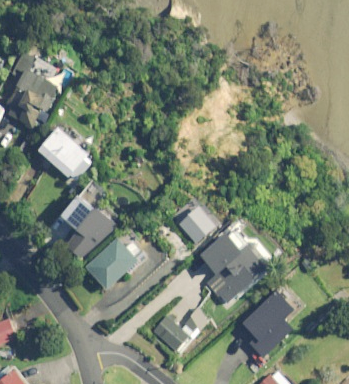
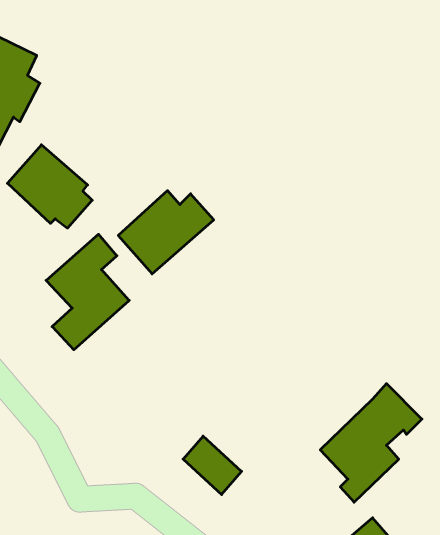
building: [183,211,211,240] -> none
building: [200,234,268,307] -> none
building: [86,238,148,292] -> [118,191,214,274]

